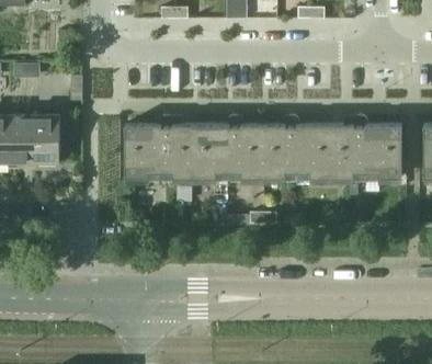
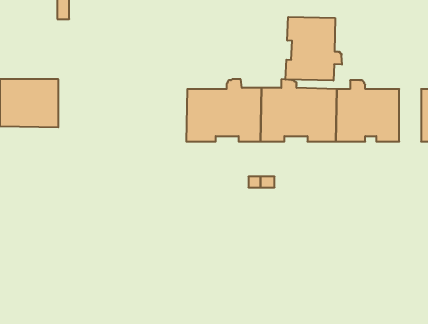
building: none -> [286,17,342,81]
building: [125,116,189,179] -> none

